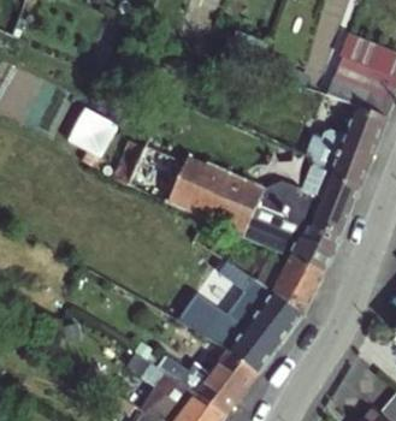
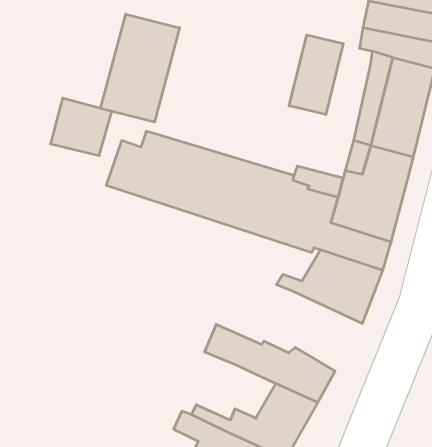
building: none -> [101,14,180,122]
building: none -> [289,35,343,115]
building: [217,263,301,348] -> none

